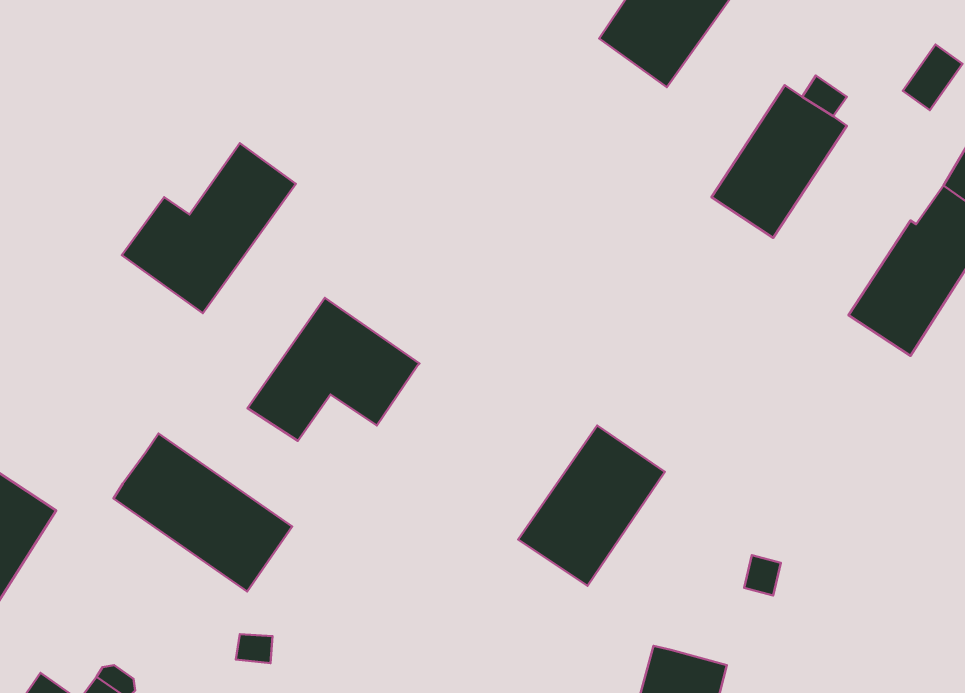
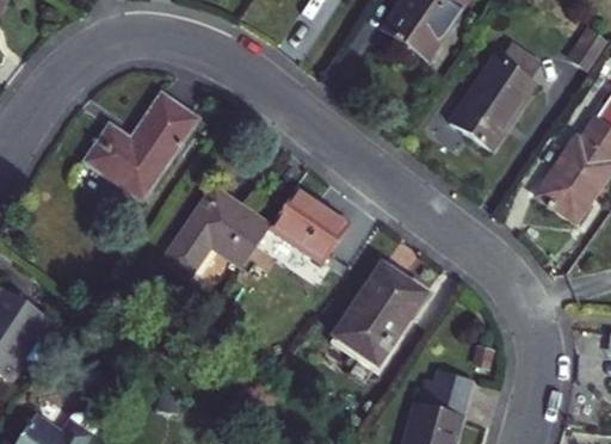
building: none -> [270,187,346,261]
building: [114,434,292,591] -> none
building: none -> [426,369,470,414]

